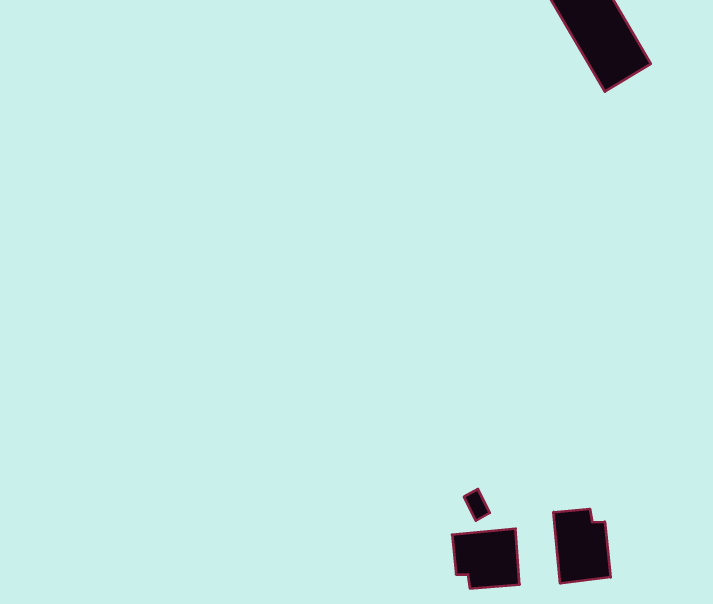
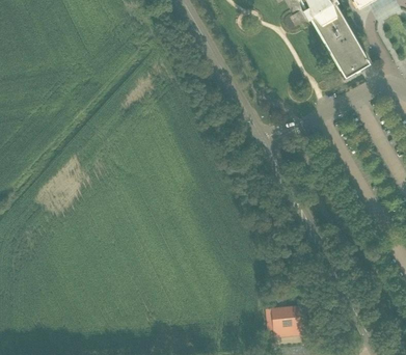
building: [554,509,611,583] -> none

